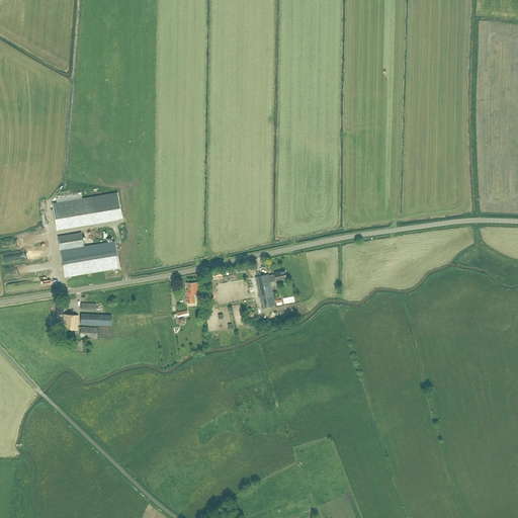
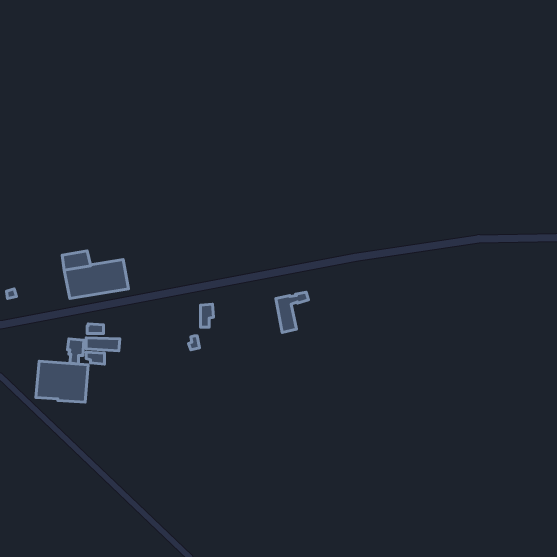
building: [52,192,121,227] -> none
building: none -> [36,361,88,402]

